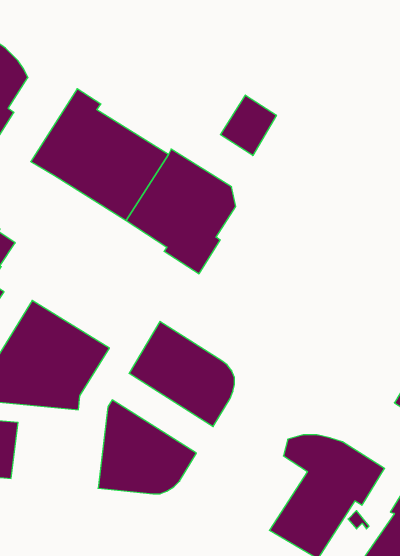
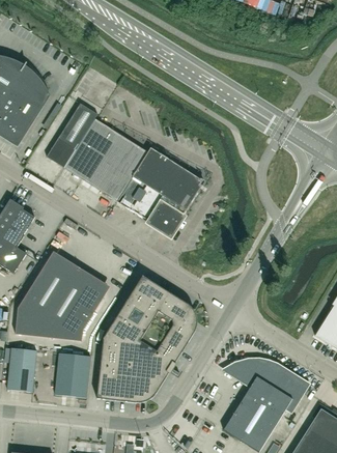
building: [220,95,276,156] -> none
building: none -> [106,313,180,372]
building: none -> [54,352,89,397]

